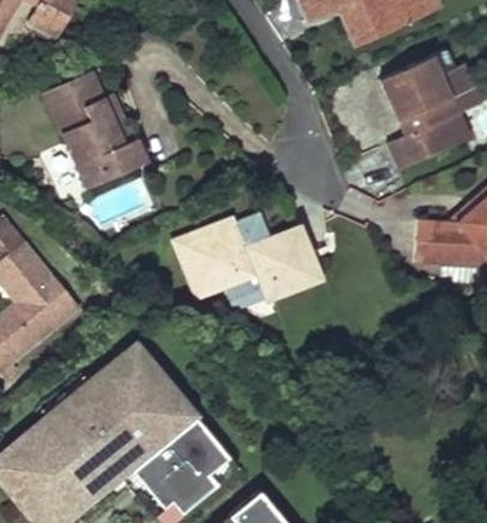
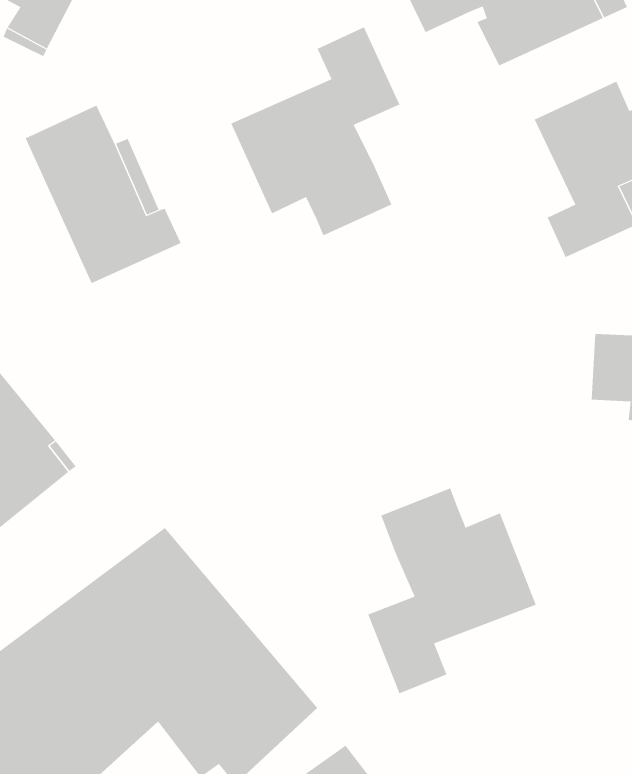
building: none -> [231,27,400,236]
building: [184,214,317,295] -> none
building: none -> [367,488,536,694]

